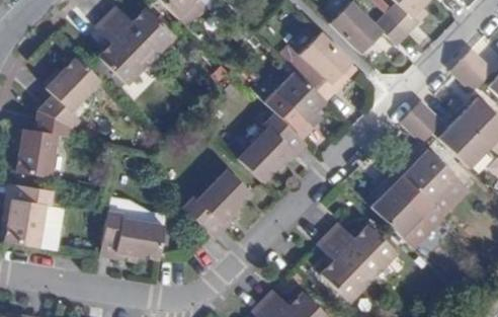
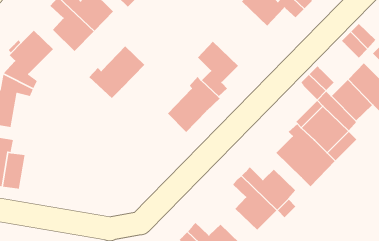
building: [280,30,352,100] -> none
building: [183,169,252,234] -> [89,45,145,99]
building: [101,211,165,258] -> none

